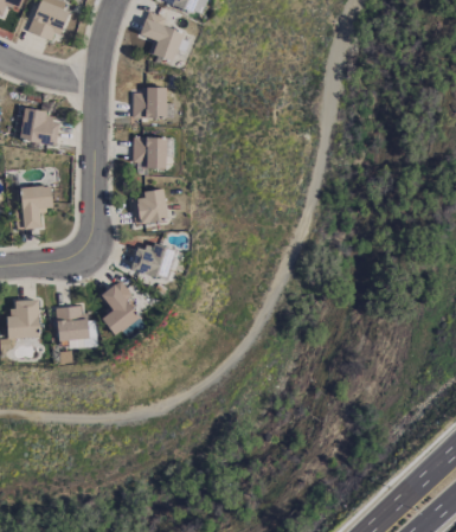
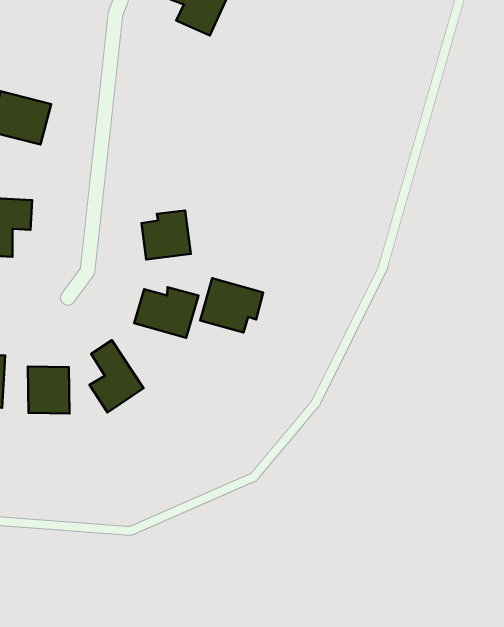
building: [134,89,167,118] -> none
building: [134,137,167,168] -> none
building: none -> [200,278,263,333]

